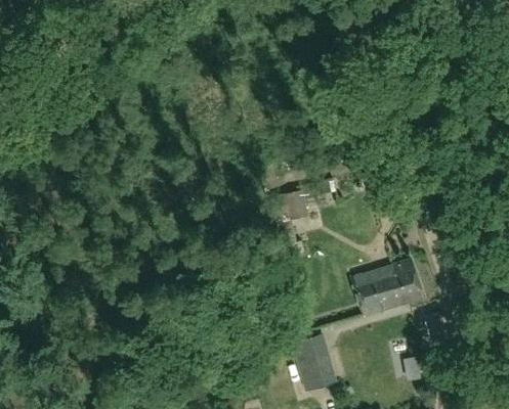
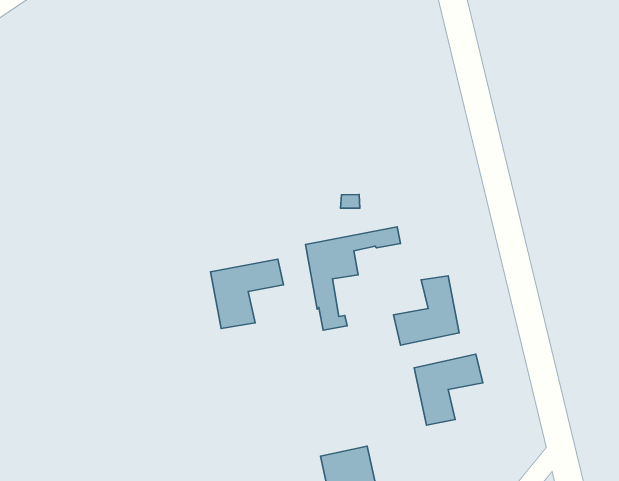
building: none -> [211,259,284,329]
building: [377,260,423,310] -> [394,276,459,345]

